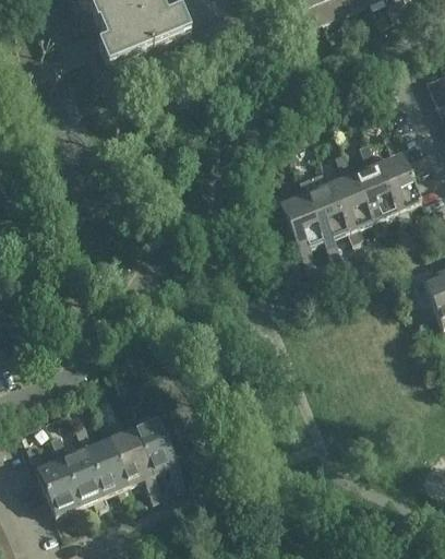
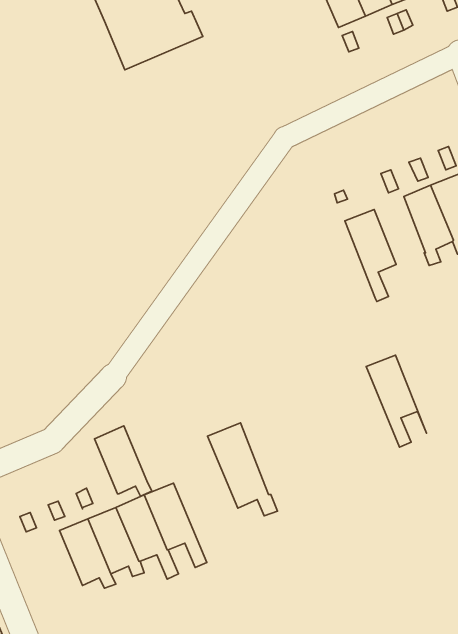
building: [328,170,372,239] -> none
building: [278,191,329,270] -> [366,355,426,447]
building: none -> [208,423,277,516]
building: [35,455,84,515] -> [94,426,152,496]

